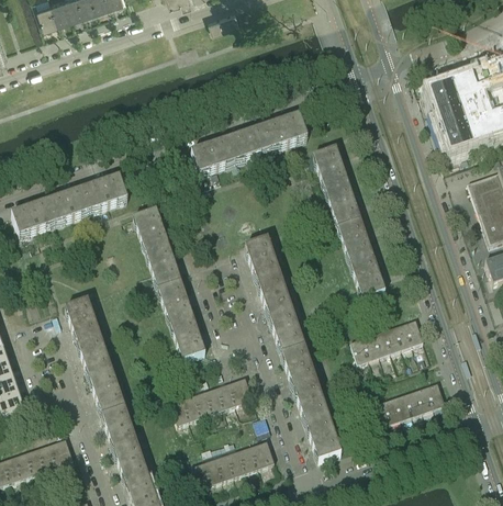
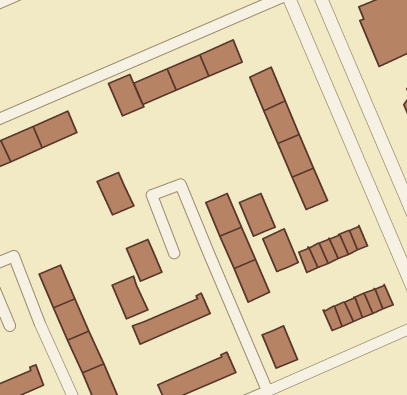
building: [133,206,168,249] -> [109,74,144,116]
building: [245,236,280,280] -> [240,194,275,236]
building: [158,278,193,322] -> [112,276,148,319]
building: [65,297,100,341] -> none
building: [293,379,328,423] -> [263,229,298,272]

